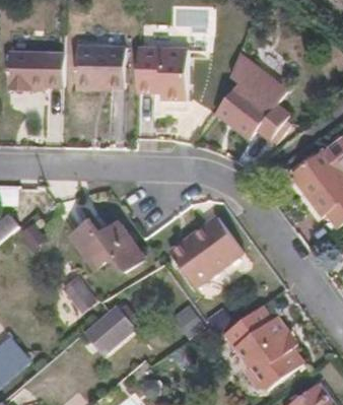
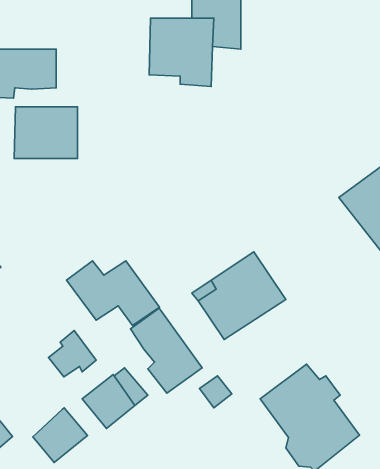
building: [75,46,125,86] -> [14,107,78,159]
building: [214,52,288,136] -> none
building: none -> [130,308,202,393]
building: none -> [33,408,88,463]

